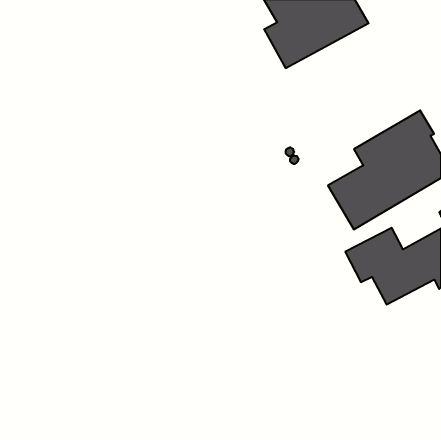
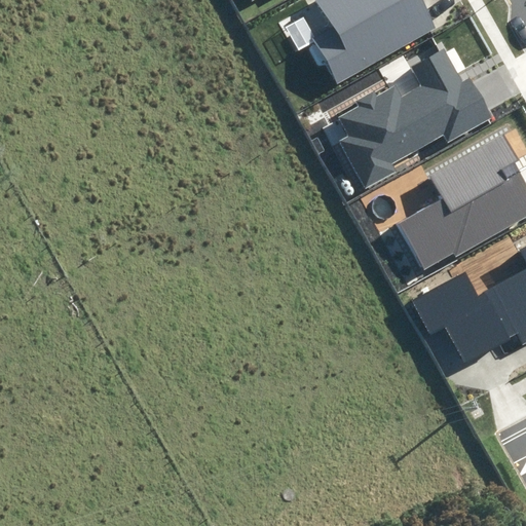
building: none -> [339,49,492,187]

